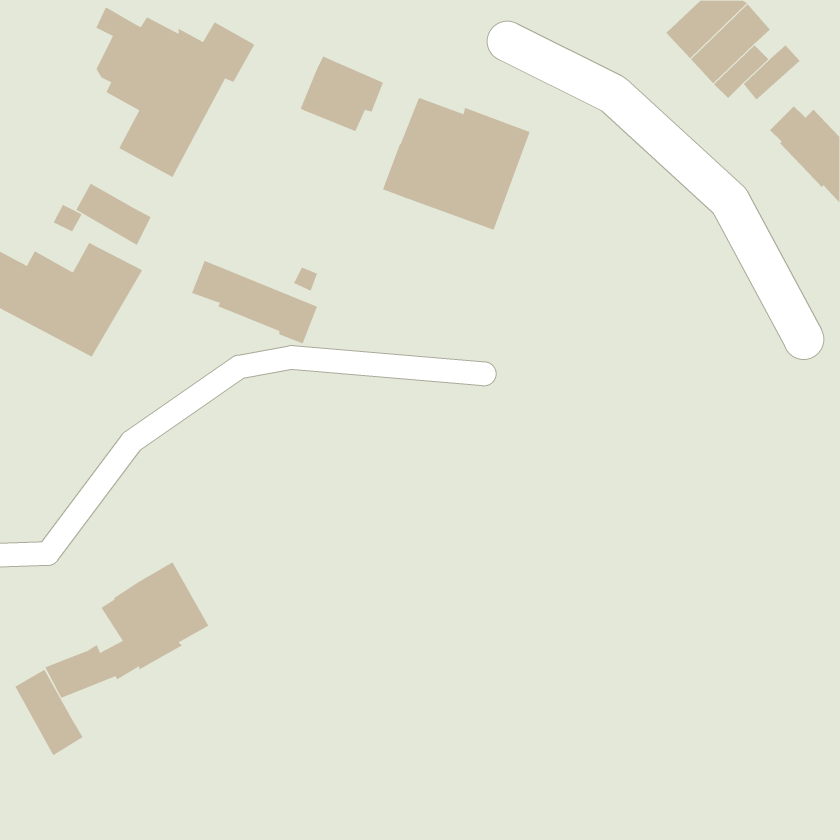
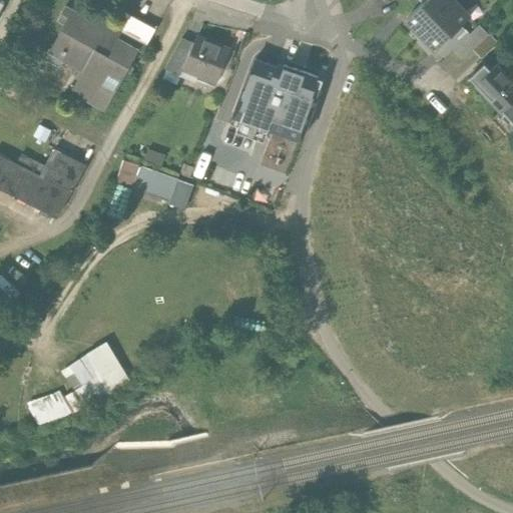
building: none -> [164,37,192,73]
building: [75,183,152,246] -> none
building: [15,669,84,756] -> none

